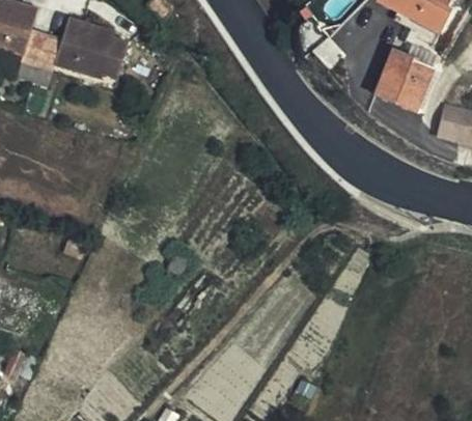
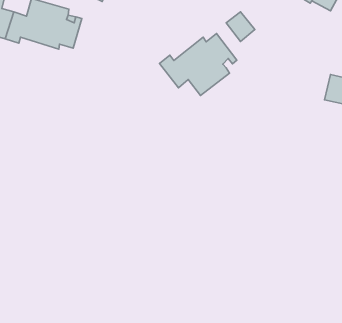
building: [369,52,427,112] -> none
building: none -> [159,33,237,96]

